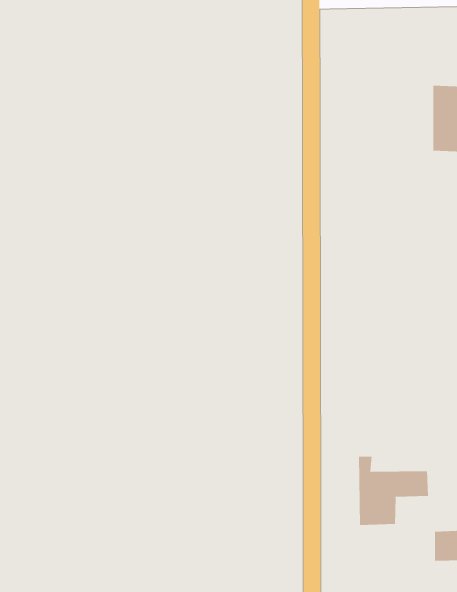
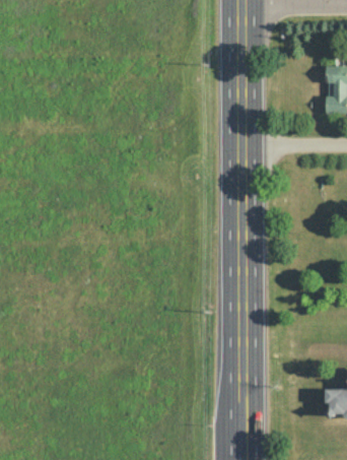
building: [358,456,429,526] -> none

